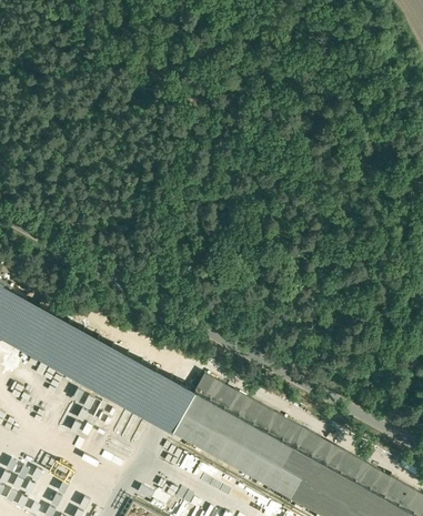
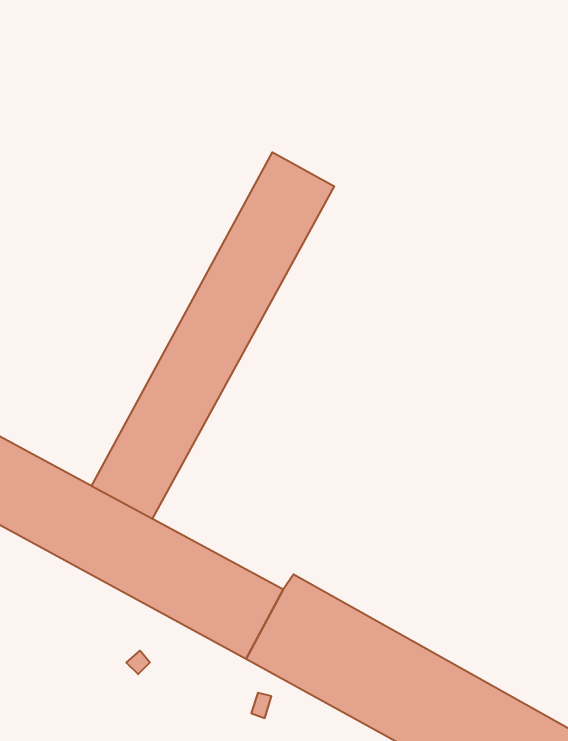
building: none -> [91,152,334,519]

